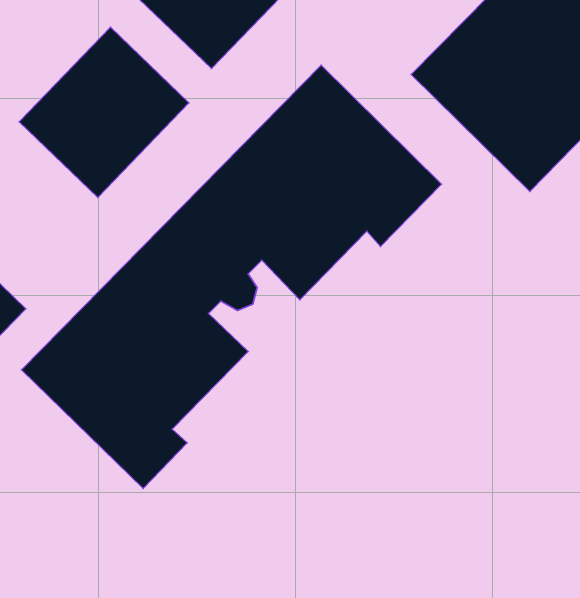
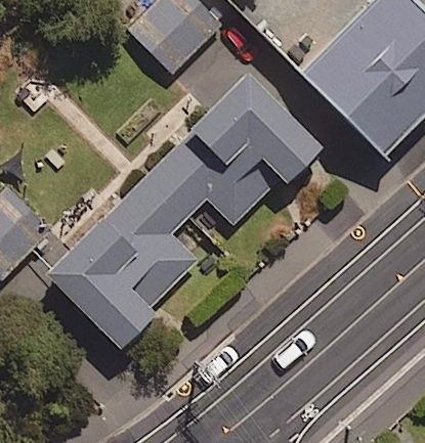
building: [19,27,189,197] -> none

